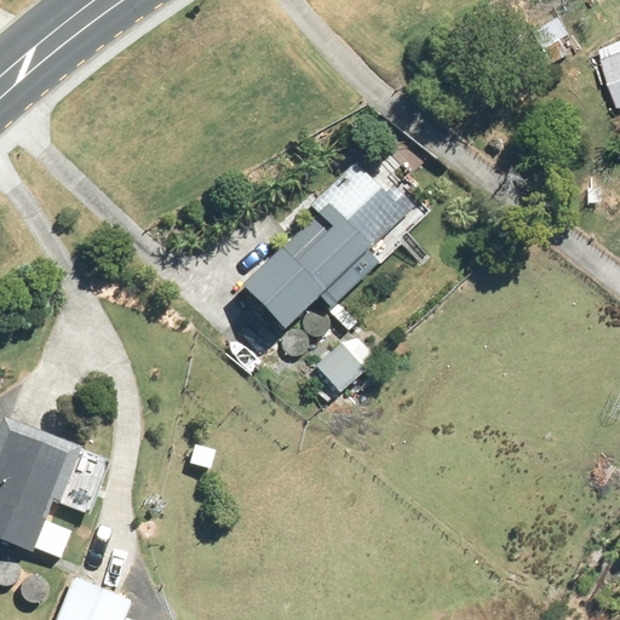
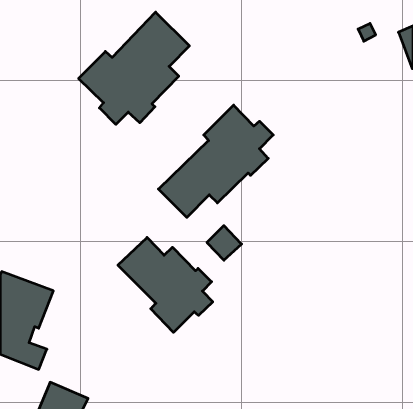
building: none -> [79,12,189,124]
building: none -> [118,237,213,332]

